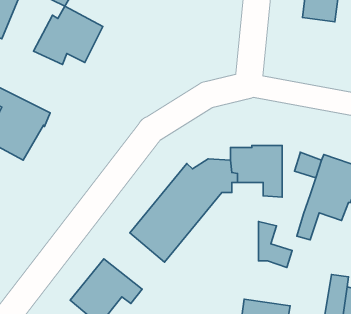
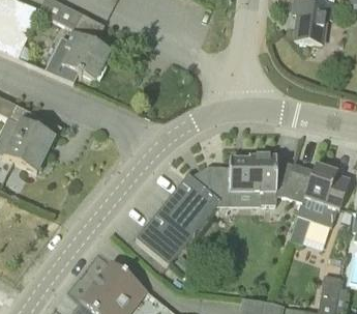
building: [259,221,292,267] -> [276,160,307,202]

